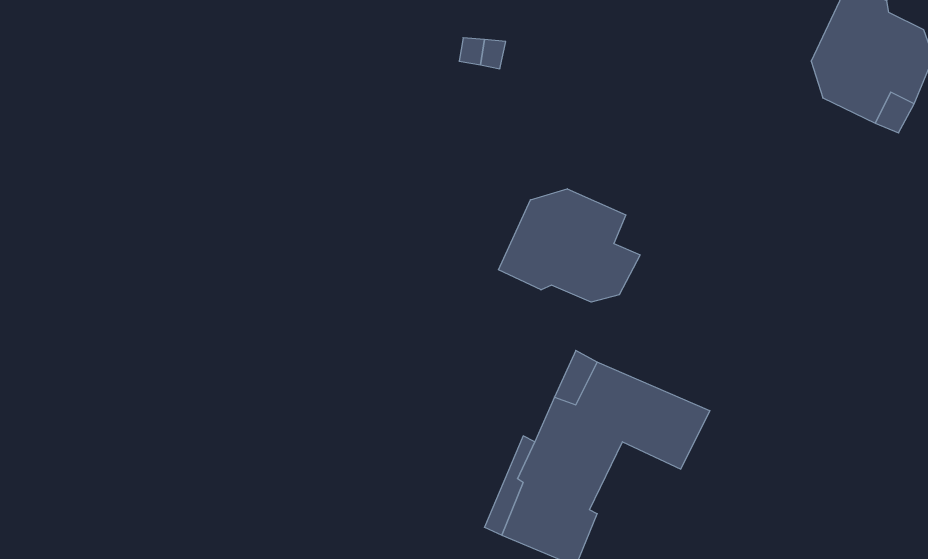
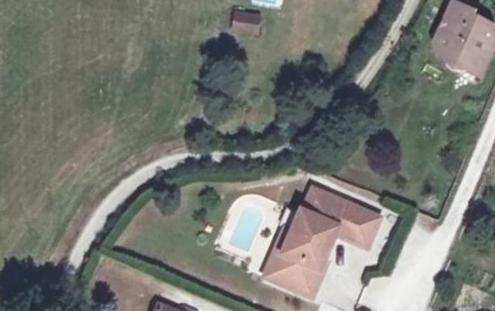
building: [499,189,640,302] -> none

